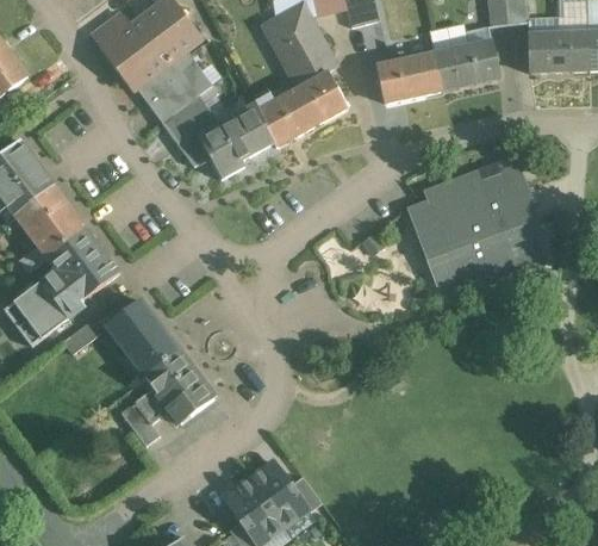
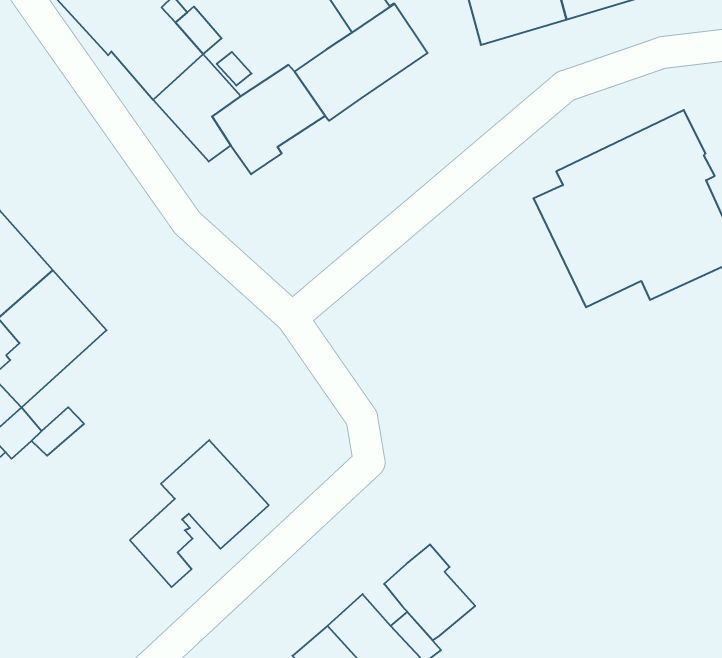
building: [106,298,179,376] -> none
building: none -> [384,544,475,640]

